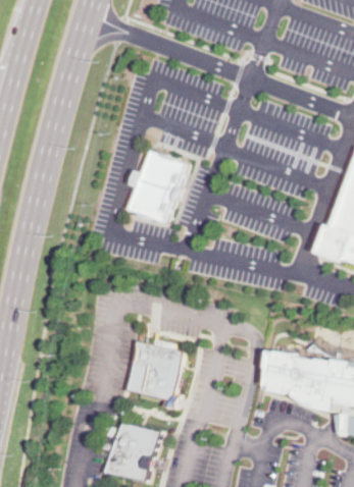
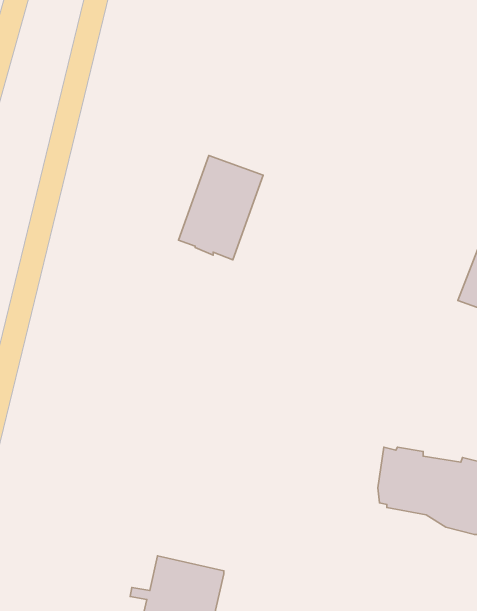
building: [119,334,181,413] -> none

